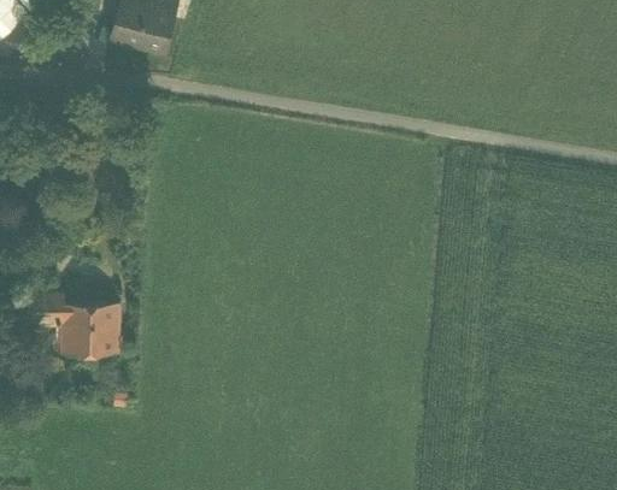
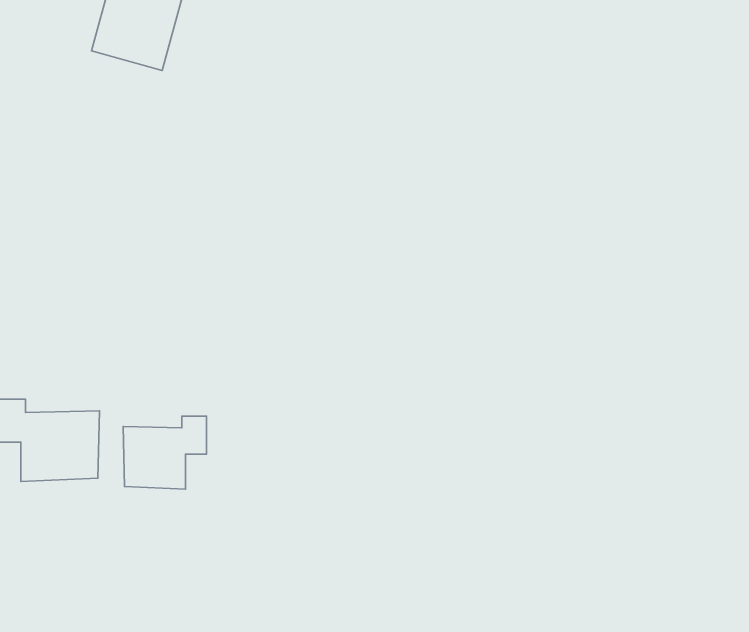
building: none -> [123,416,206,489]

